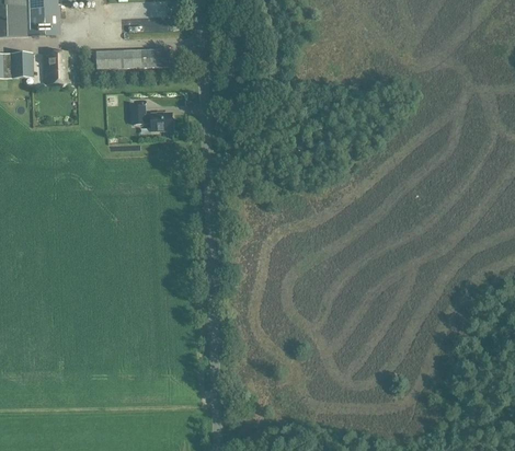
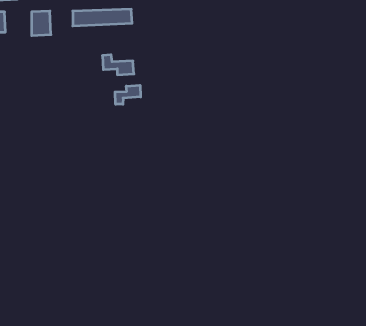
building: [10,50,32,77] -> none
building: none -> [115,85,141,104]

